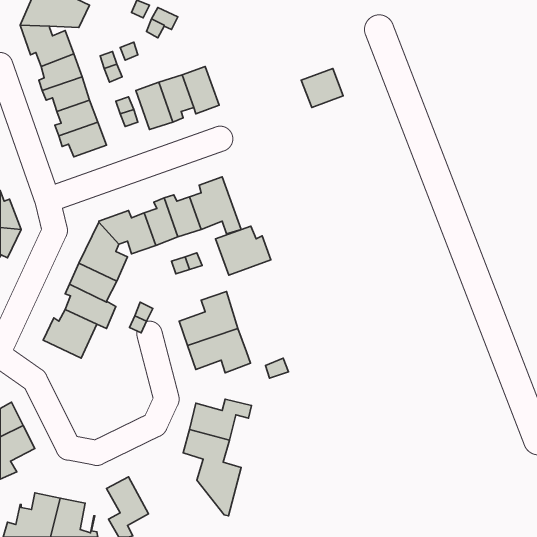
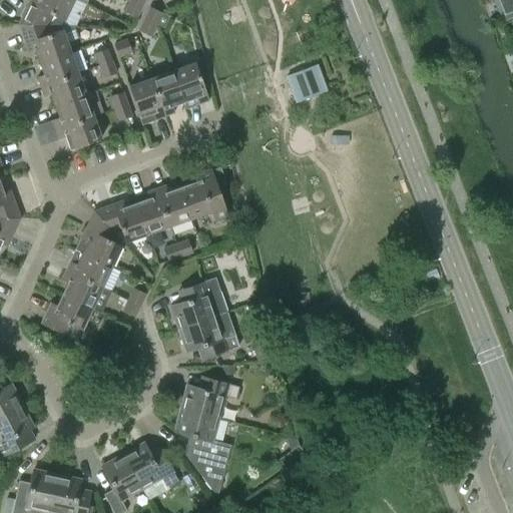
building: [216,226,271,275] -> none
building: none -> [123,442,180,489]

